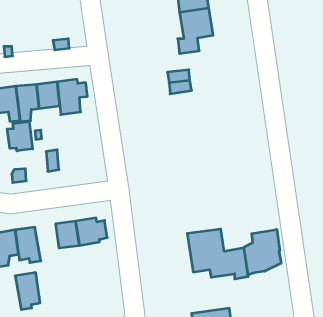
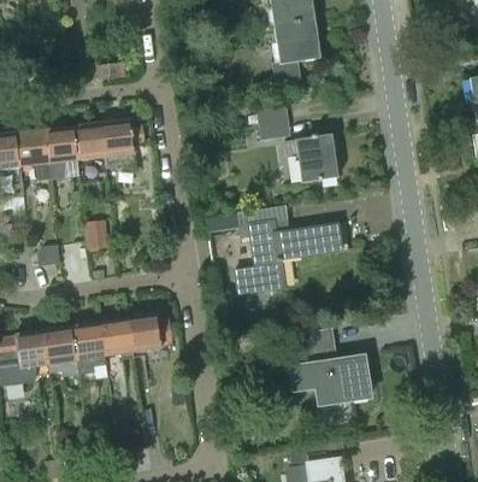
building: none -> [283,134,337,182]
building: [7,121,33,151] -> none
building: none -> [235,219,348,293]
building: [244,229,281,275] -> none
building: [15,273,40,310] -> [71,322,106,374]

